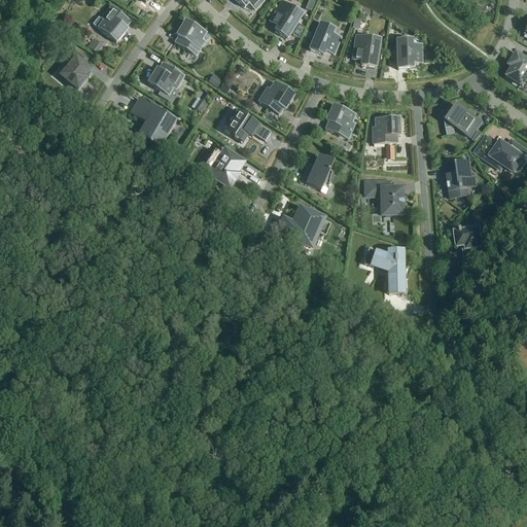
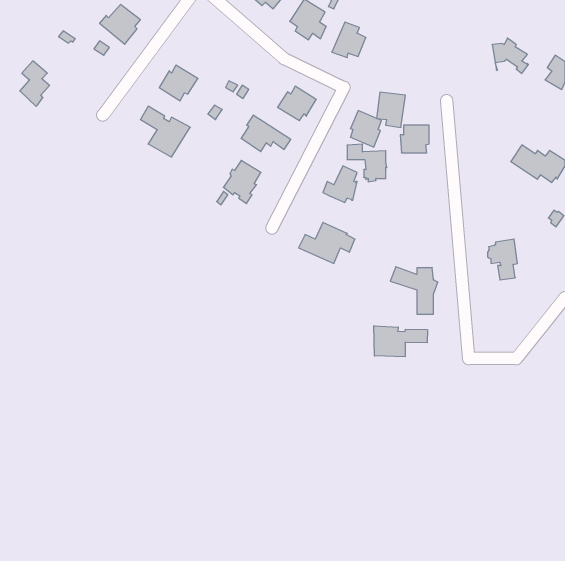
building: [175,19,206,54] -> none
building: [353,33,380,66] -> [377,92,405,127]
building: [396,37,422,67] -> none
building: [62,45,90,87] -> [20,61,50,106]
building: [443,103,477,136] -> [492,38,528,73]
building: [447,161,477,197] -> none
building: [365,180,402,215] -> [347,144,387,182]
building: none -> [374,326,427,357]

